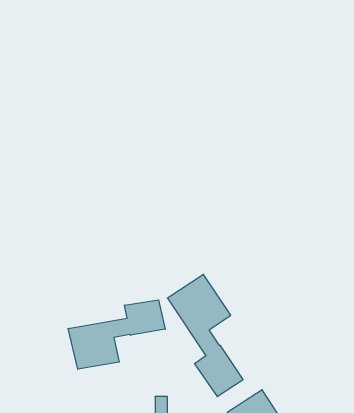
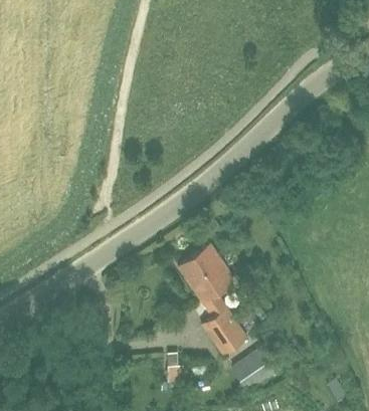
building: [68,300,165,369] -> none

